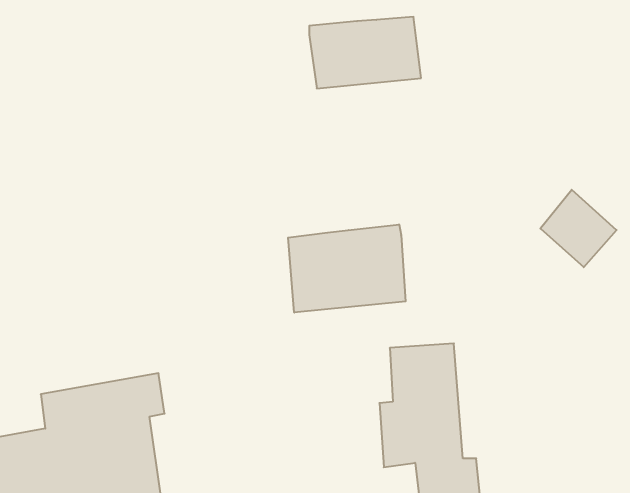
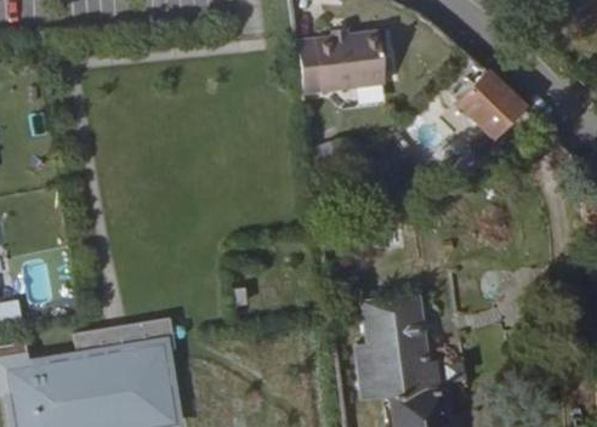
building: [540,190,617,267] -> [464,85,525,148]
building: [288,224,406,313] -> none

